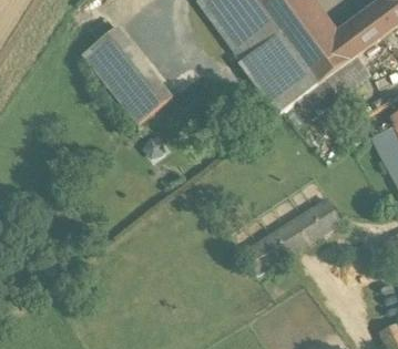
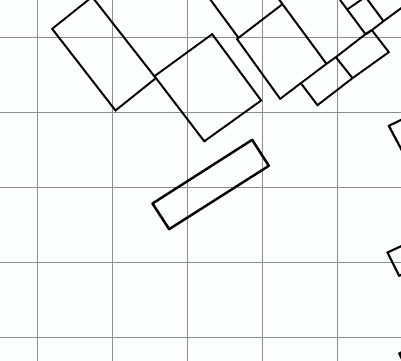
building: none -> [154,34,261,141]
building: [242,197,341,274] -> [152,140,269,229]

